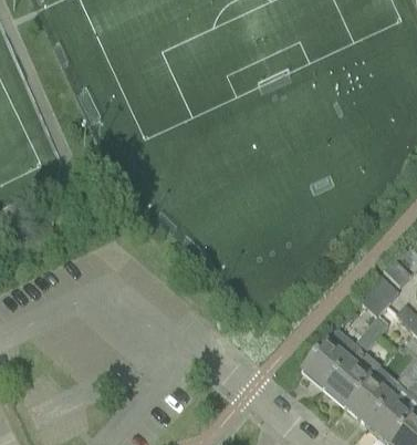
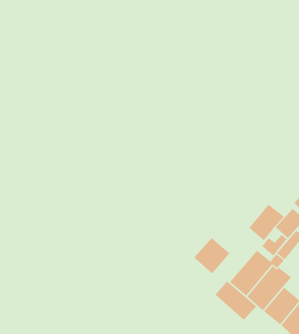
building: none -> [249,204,285,241]
building: none -> [193,237,230,274]
building: none -> [215,280,257,320]

